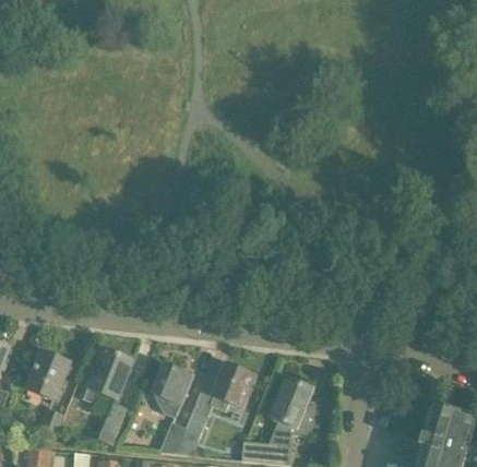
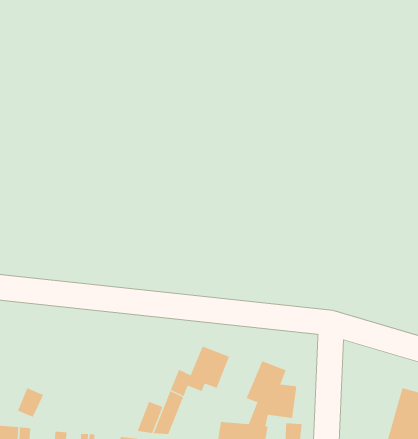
building: [84,350,132,444] -> none
building: [26,351,70,399] -> none
building: [147,366,192,417] -> none

